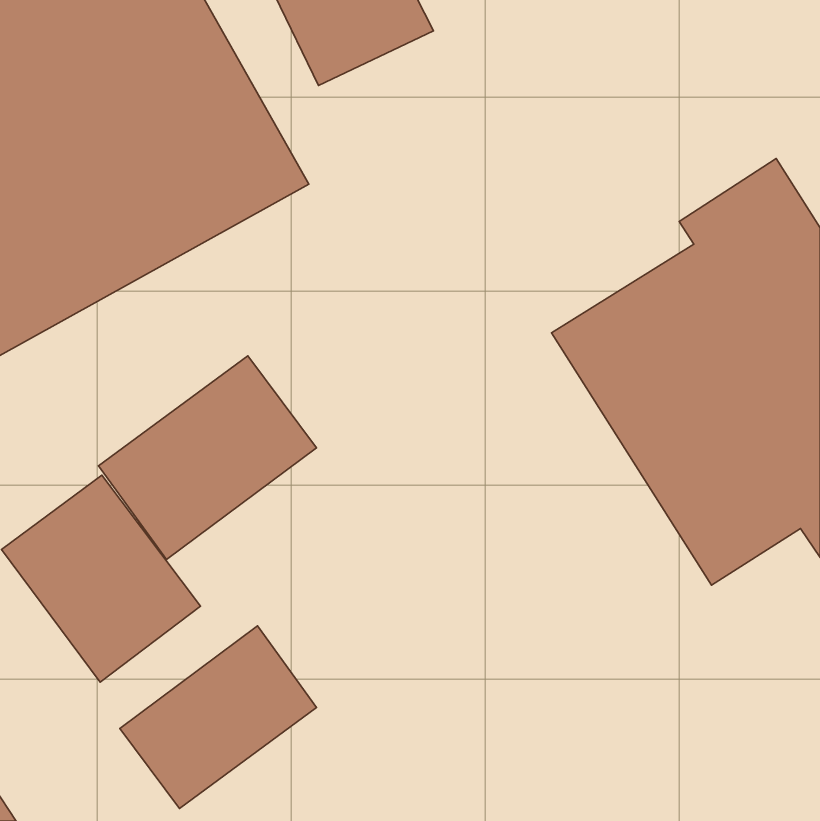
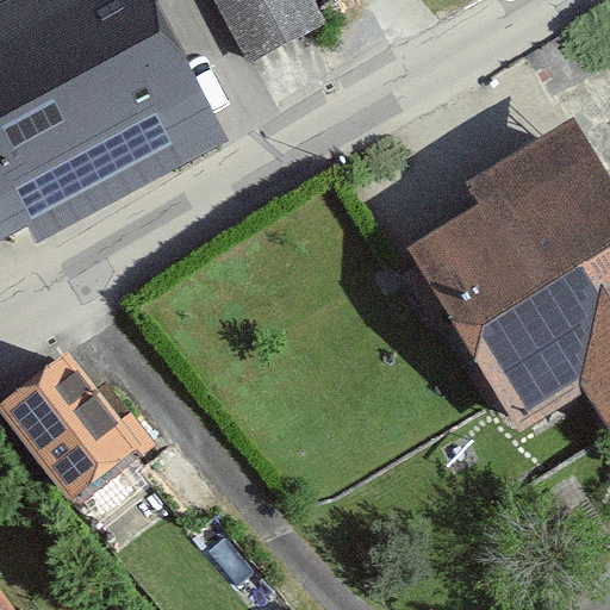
building: [99,356,317,559] -> none
building: [120,626,317,808] -> none

